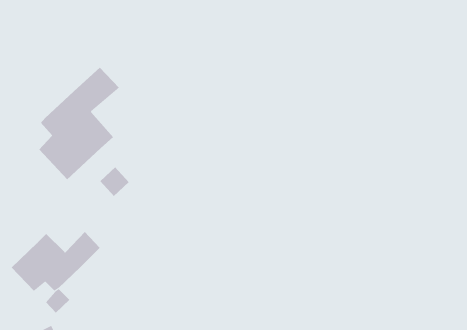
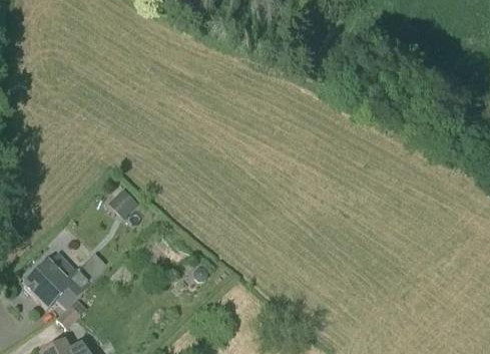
building: [38,67,120,180] -> none

